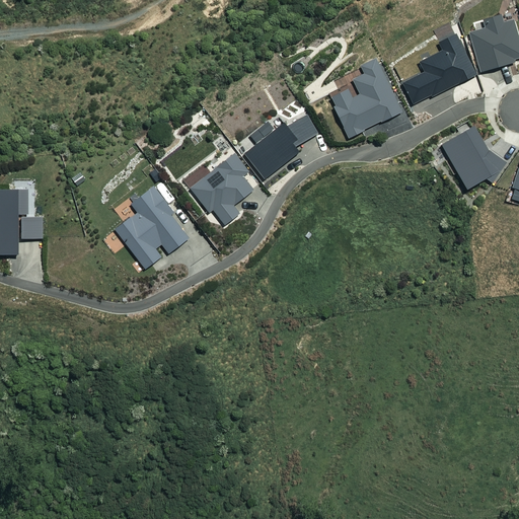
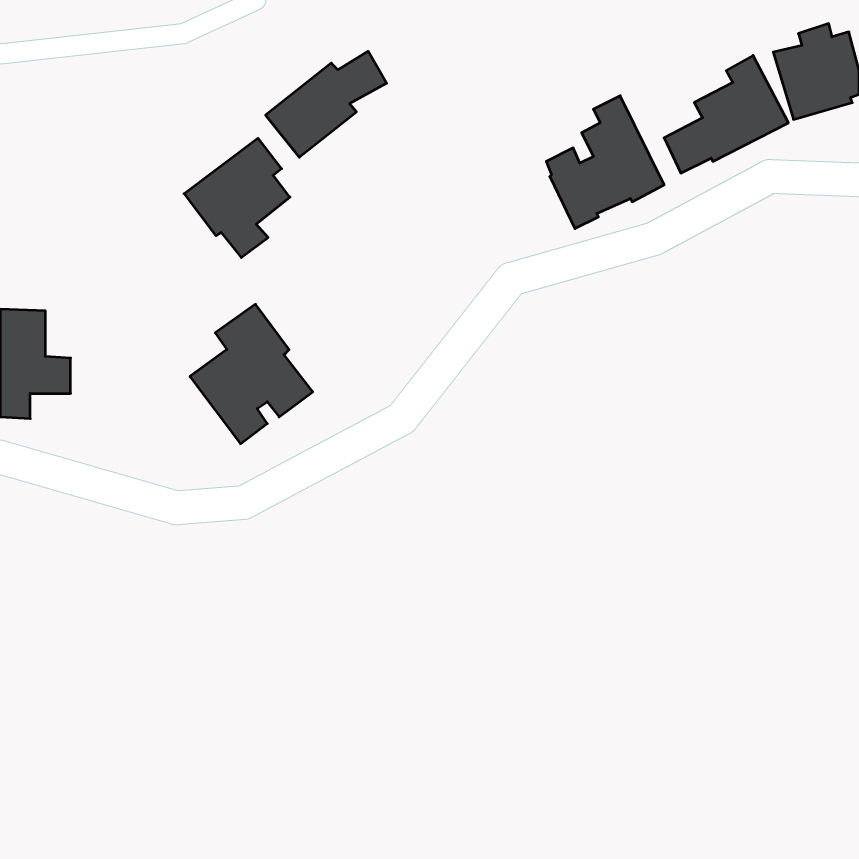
building: [244,113,317,176] -> [266,51,387,157]
building: [439,126,504,190] -> none
building: [190,152,253,224] -> [184,138,290,258]

